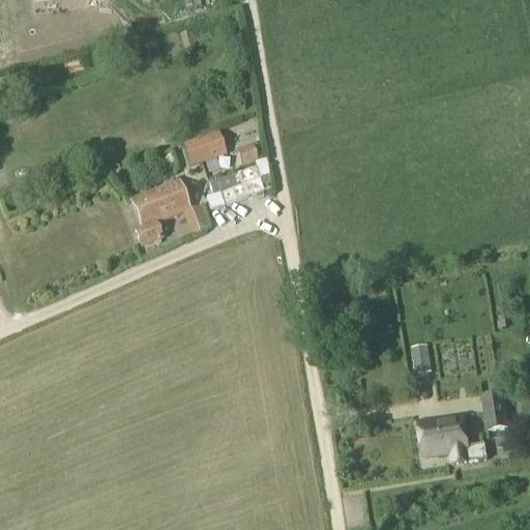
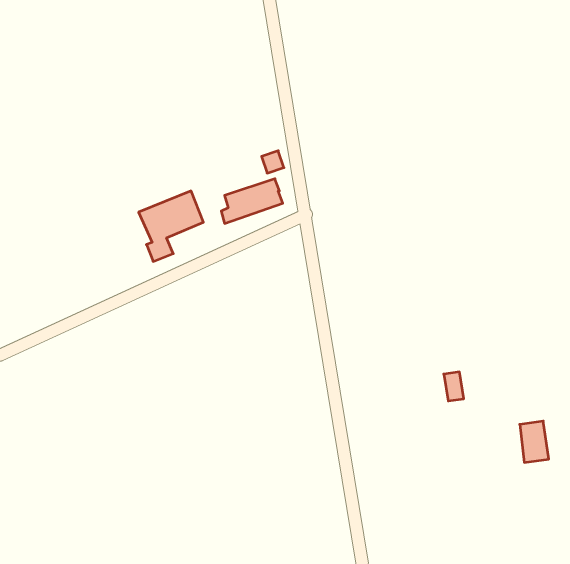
building: [182,128,226,164] -> none
building: [419,414,488,462] -> none

